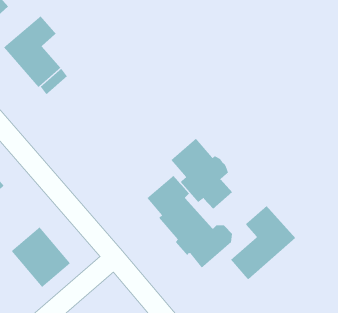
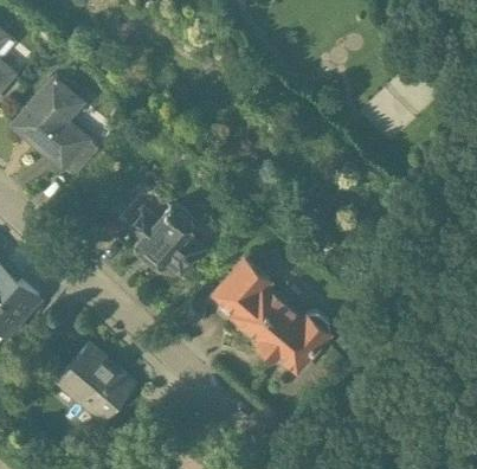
building: [170,138,233,210] -> [120,187,202,274]
building: [230,205,296,280] -> none

